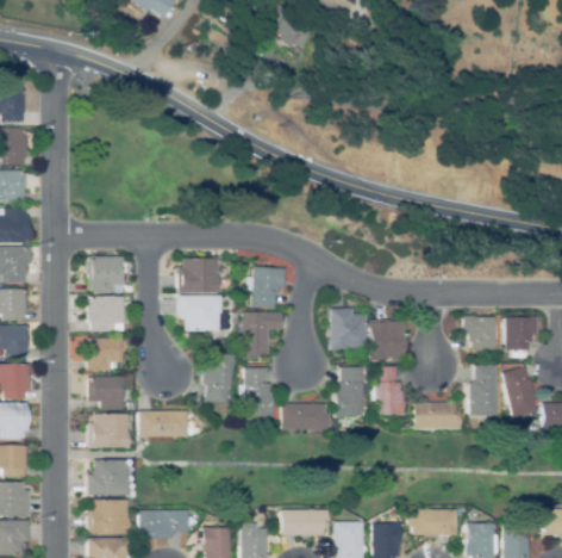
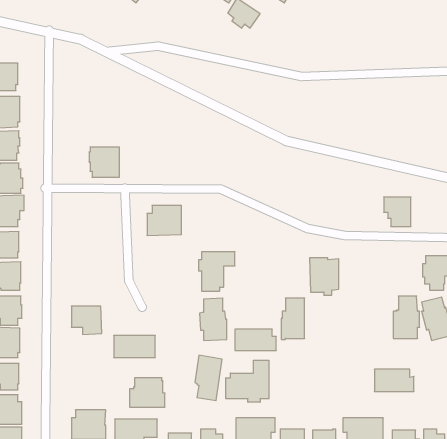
building: [88,256,124,292] -> [89,147,119,177]
building: [246,267,287,309] -> none
building: [181,296,223,330] -> none
building: [89,297,125,331] -> none
building: [331,308,367,351] -> none
building: [464,316,497,351] -> [384,197,411,226]
building: [88,339,124,371] -> none
building: [204,351,236,404] -> [195,355,222,401]
building: [371,366,404,415] -> none
building: [414,403,461,429] -> [374,369,414,391]
building: [90,414,131,448] -> none
building: none -> [226,360,269,402]
building: [89,460,131,495] -> [130,378,165,407]

